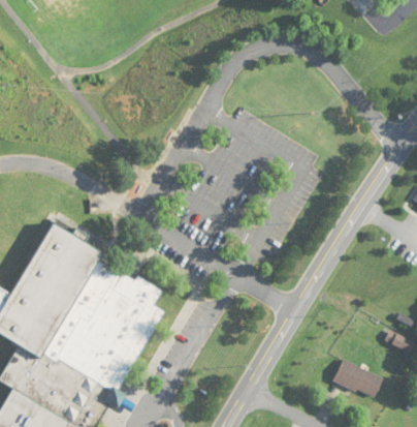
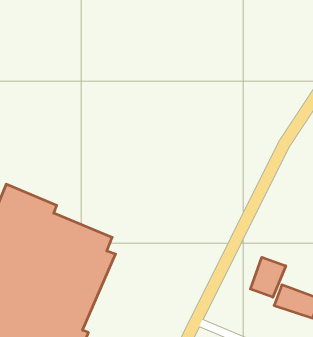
building: none -> [250,257,286,297]

